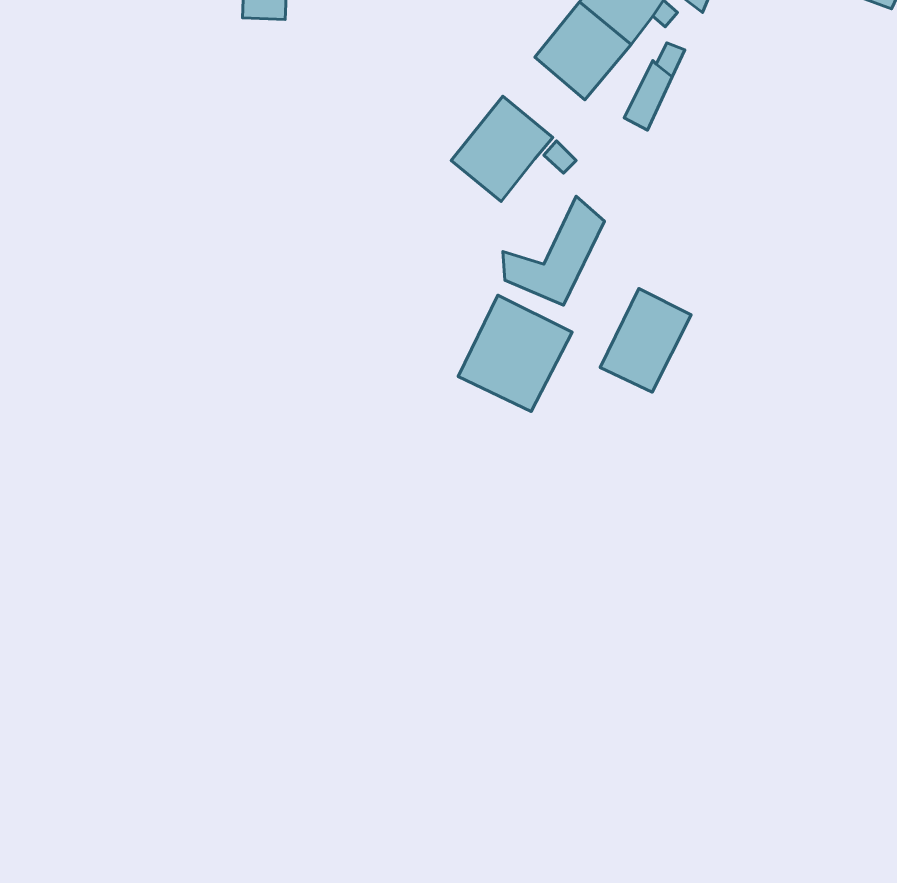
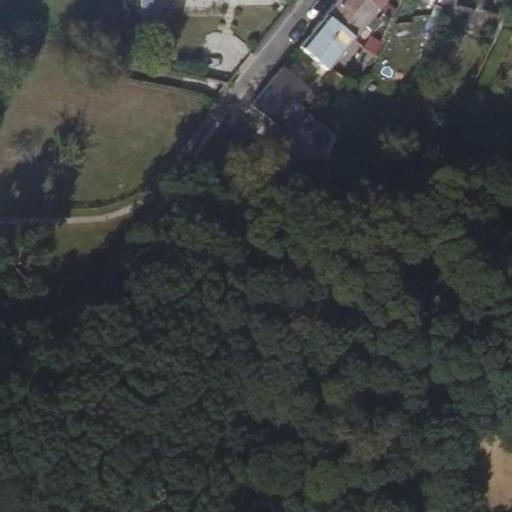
building: [600,288,691,392] -> none
building: [458,295,572,412] -> none

